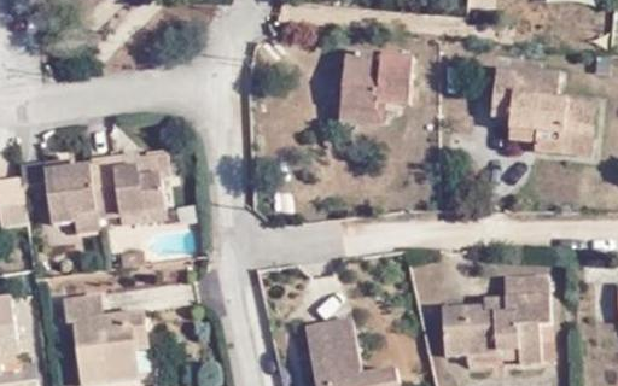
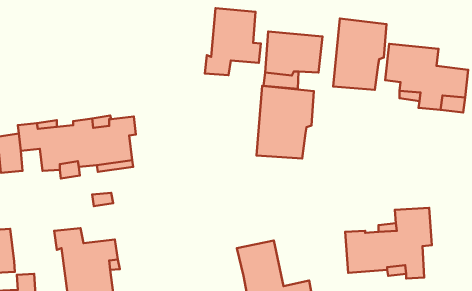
building: none -> [205,8,261,75]
building: none -> [333,19,387,90]
building: none -> [256,86,314,159]

